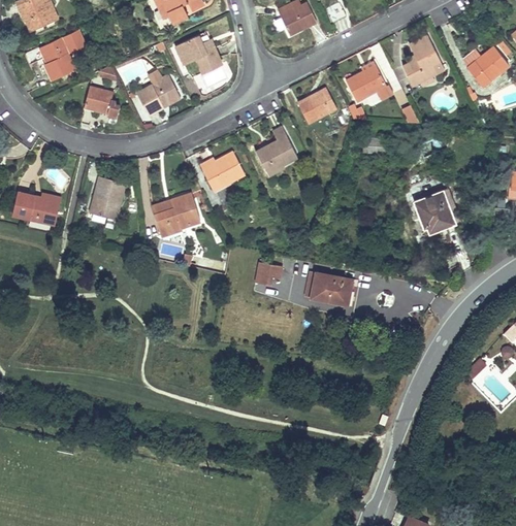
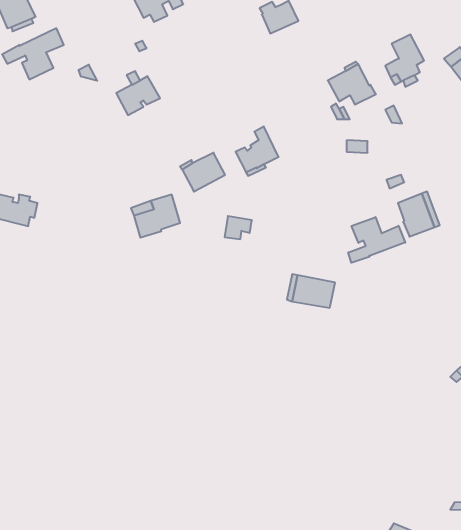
building: [175,35,222,72] -> none
building: [85,86,120,116] -> none
building: [297,87,336,123] -> none
building: [91,176,125,219] -> none
building: none -> [348,217,405,263]
building: [256,262,283,285] -> [225,216,252,239]

